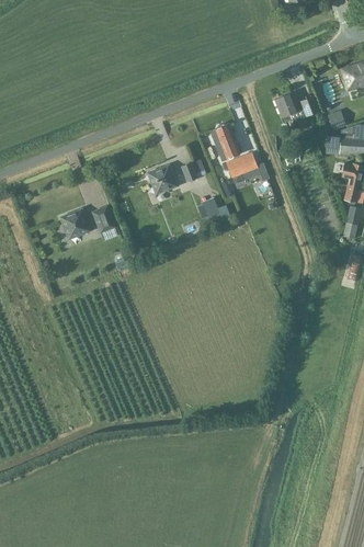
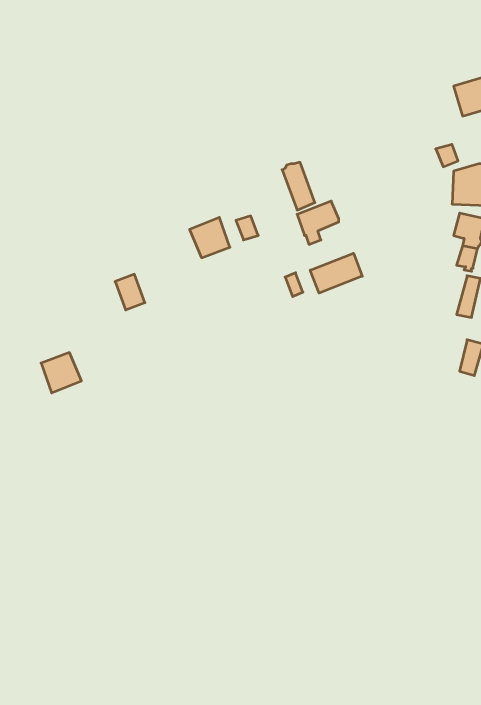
building: [275,93,319,122] -> none
building: none -> [310,253,362,293]
building: [60,209,90,239] -> [41,353,81,393]

